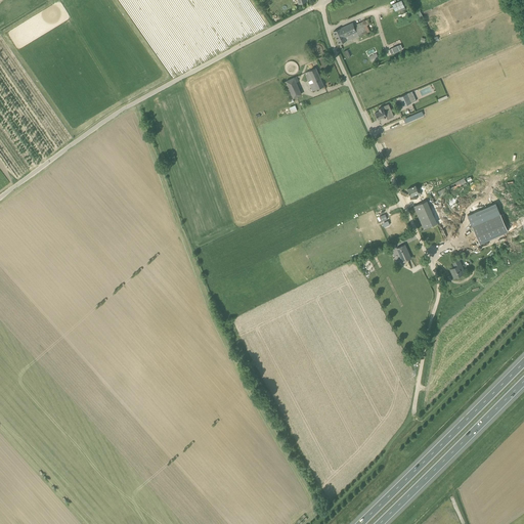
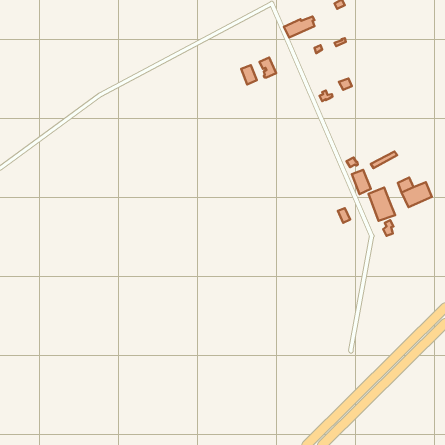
building: none -> [368,187,395,221]

